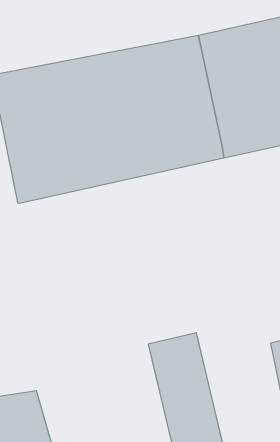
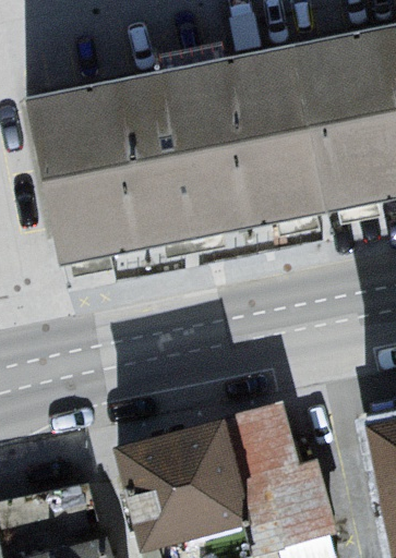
building: none -> [123,435,244,549]

